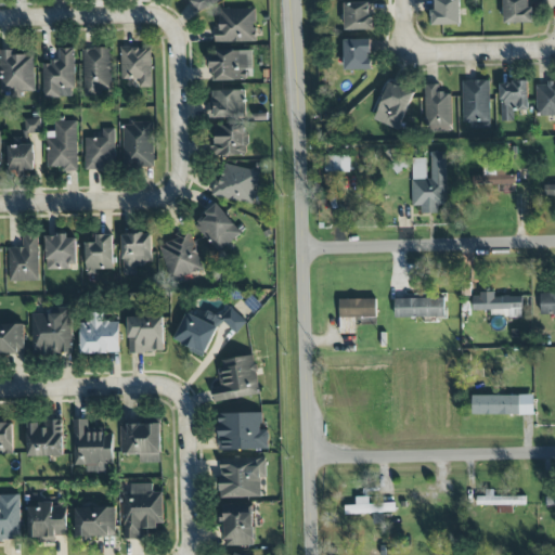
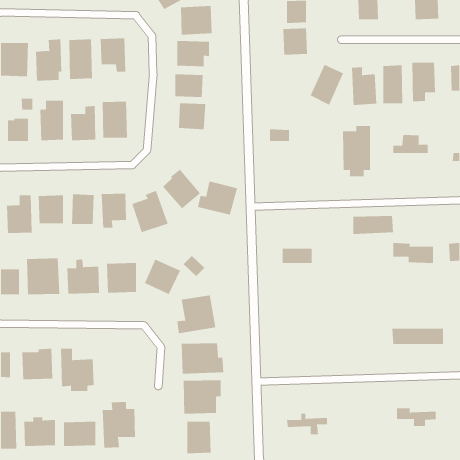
building: [211,163,260,204] -> [197,181,238,215]
building: [395,295,444,318] -> [352,215,394,234]
building: [121,423,162,462] -> none

